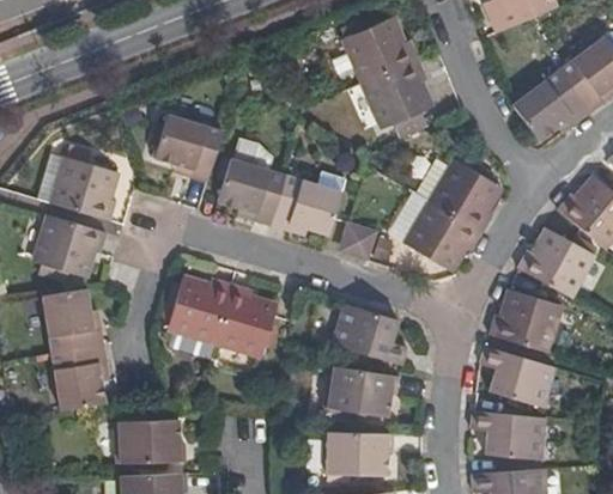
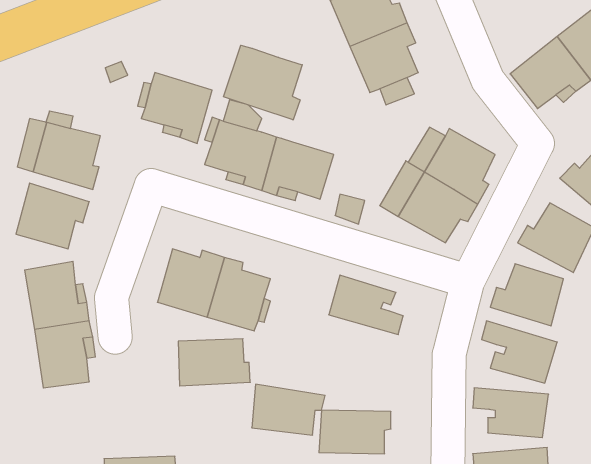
building: none -> [223,45,302,120]
building: [329,365,400,414] -> [252,384,325,435]
building: [119,423,188,469] -> [178,339,250,386]

